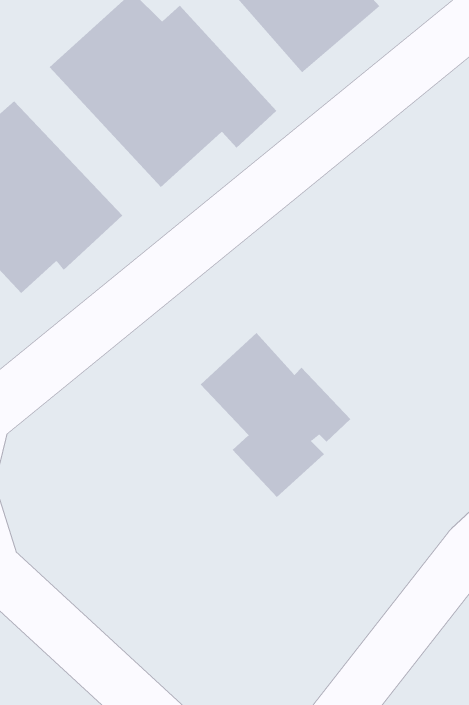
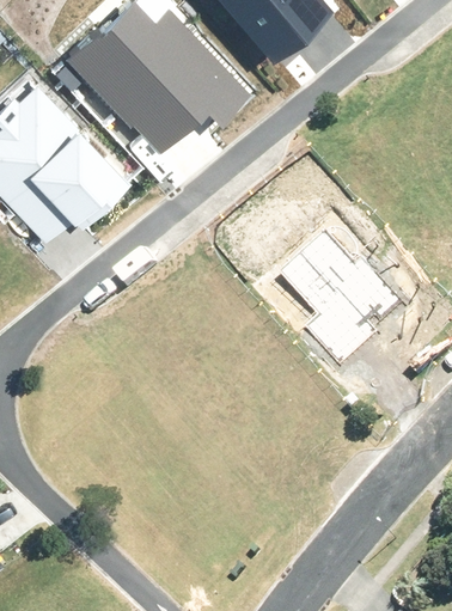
building: [200,332,351,498] -> [279,227,403,363]

